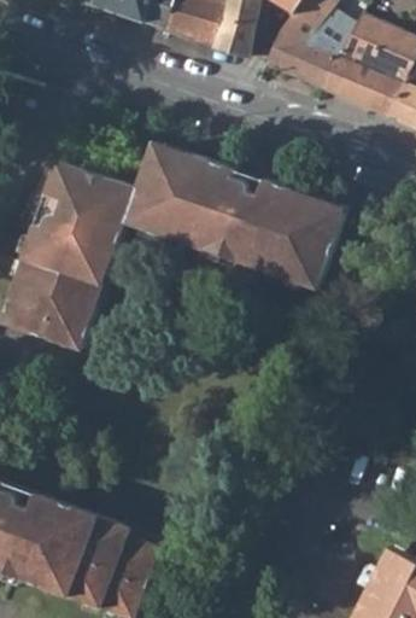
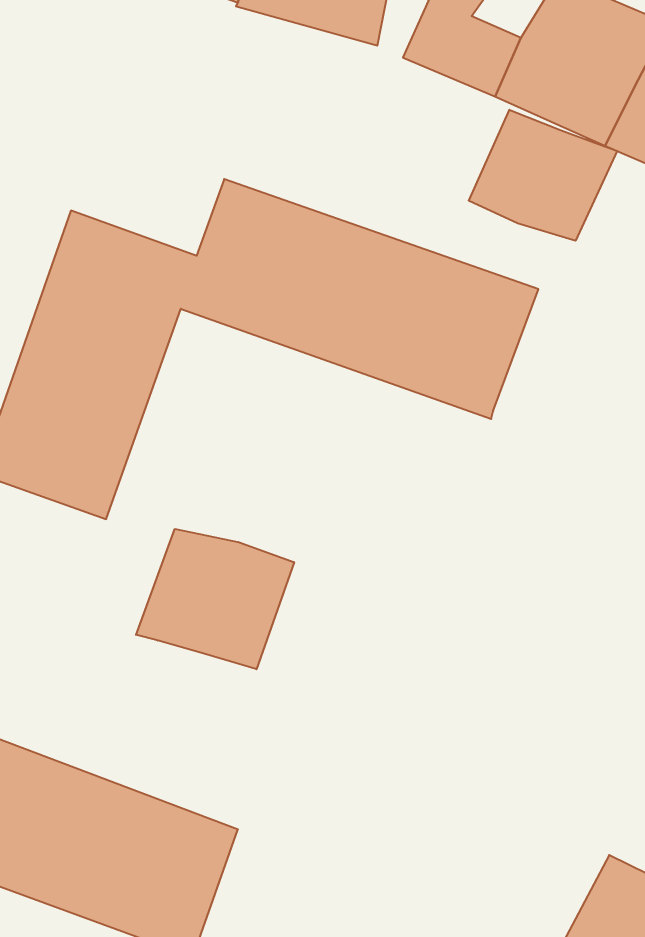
building: none -> [469,110,617,241]
building: none -> [136,529,294,669]

